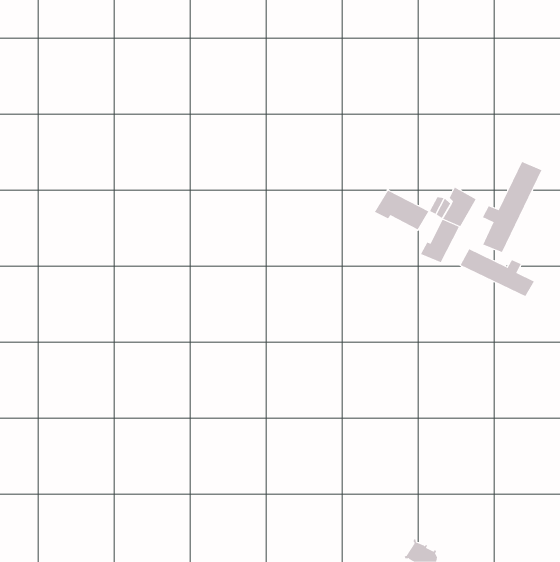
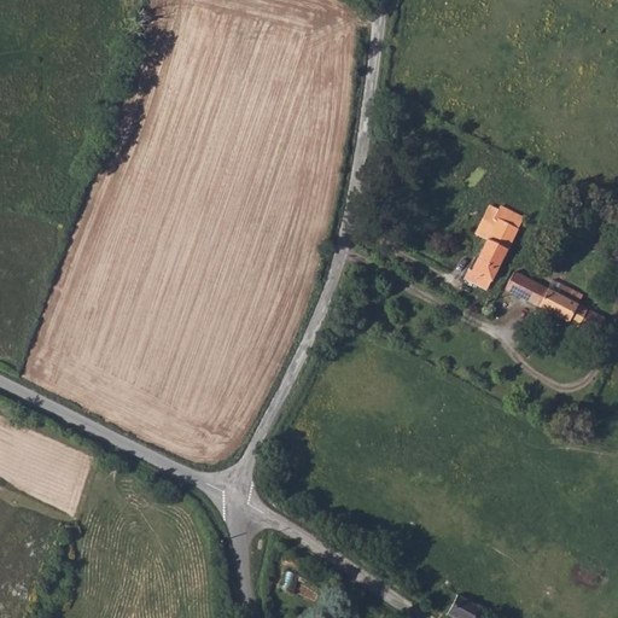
building: [482,161,542,253] -> none
building: [374,190,429,230] -> none

